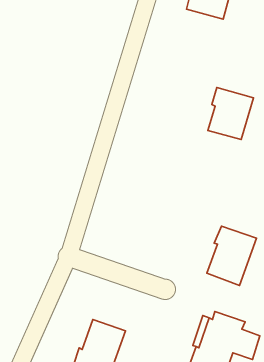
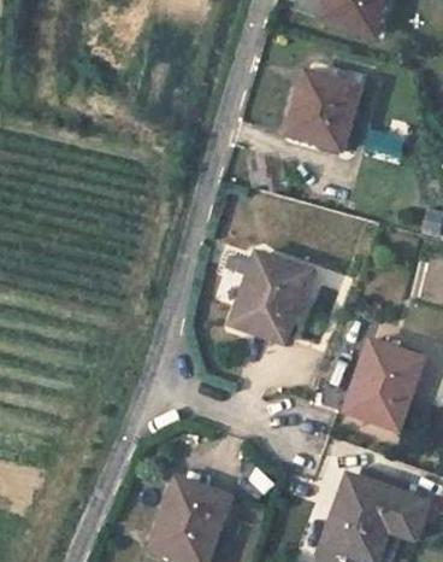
building: [208,87,253,139] -> [290,71,358,148]
building: none -> [235,254,307,343]

